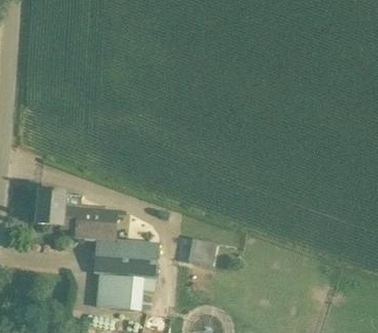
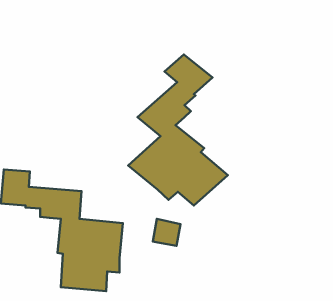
building: none -> [128,54,228,206]

